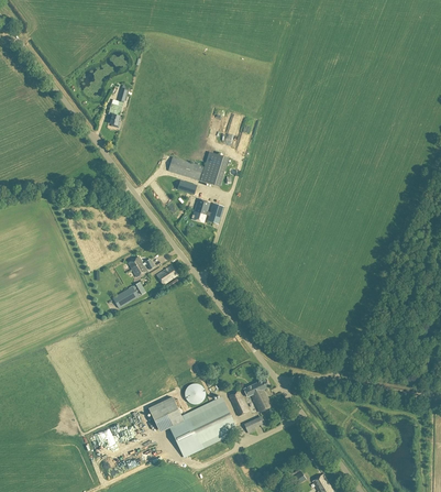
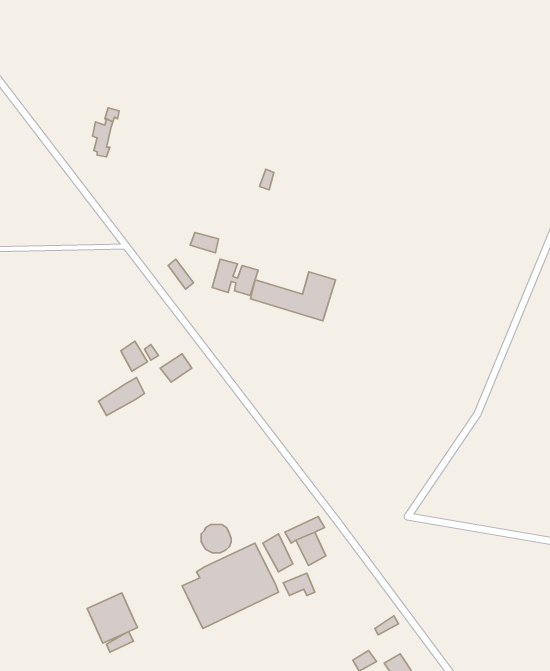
building: [167,151,227,185] -> [250,272,336,321]
building: [147,396,183,431] -> [87,593,138,643]

